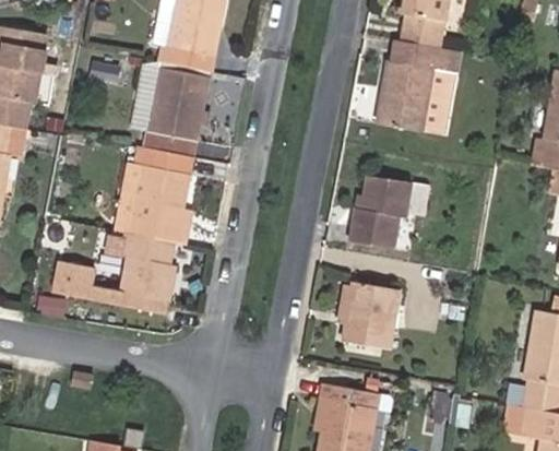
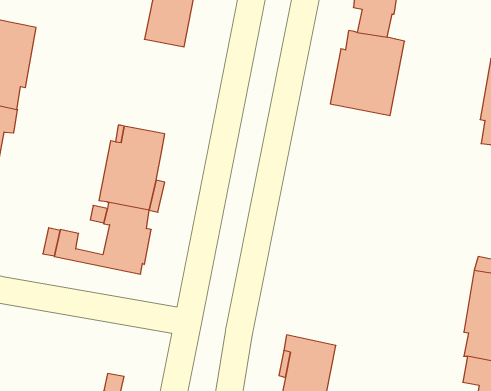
building: [145,61,205,140] -> none
building: [349,174,414,248] -> none
building: [344,282,402,348] -> none

